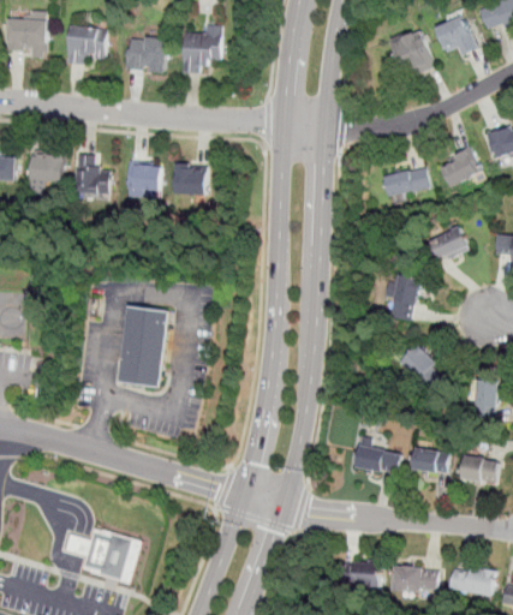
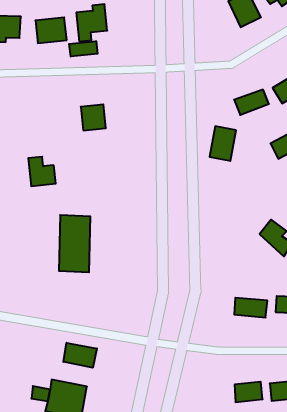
building: none -> [69,41,98,57]
building: [74,156,108,195] -> [28,157,56,186]
building: [126,163,160,195] -> none
building: [383,273,423,322] -> [210,126,236,161]
building: none -> [63,343,97,368]

